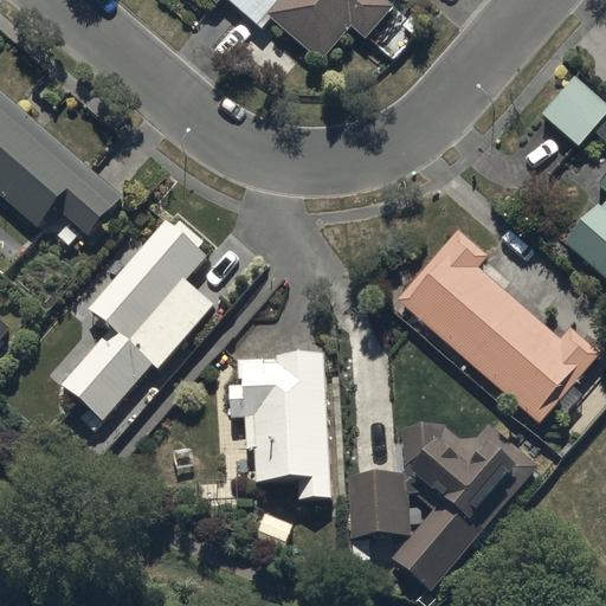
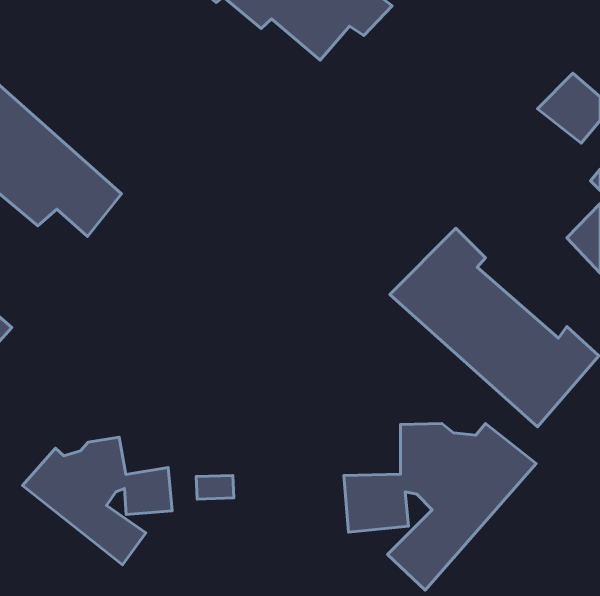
building: [60,217,211,421] -> none
building: [230,355,330,501] -> none
building: none -> [23,437,172,565]

